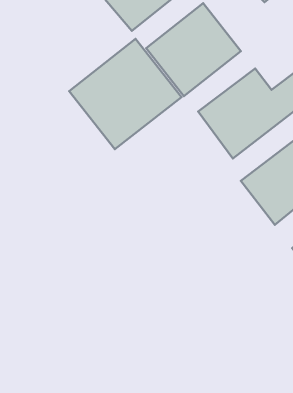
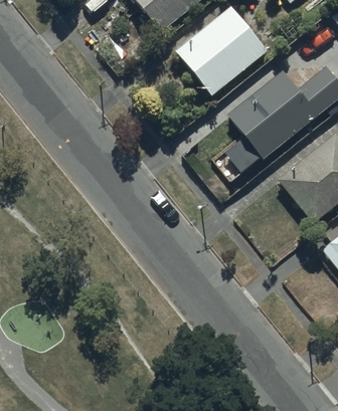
building: [69,39,181,149] -> none

